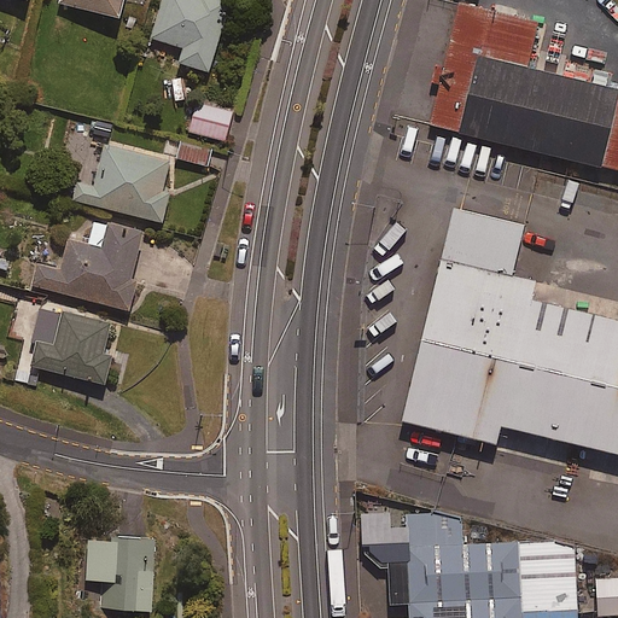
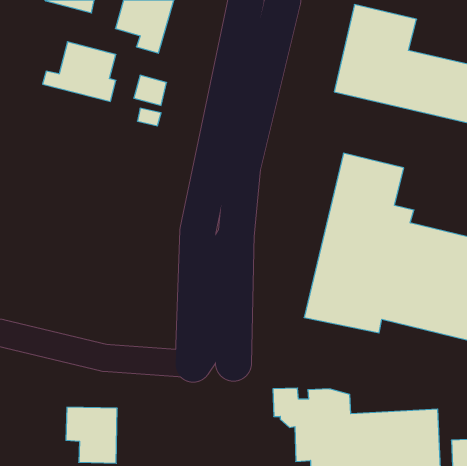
building: [54,145,151,223] -> [43,42,116,101]
building: [6,222,132,317] -> none
building: [10,305,94,381] -> none

